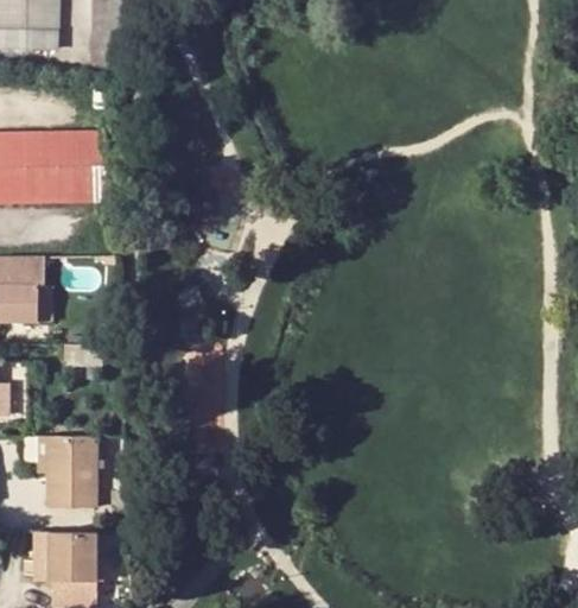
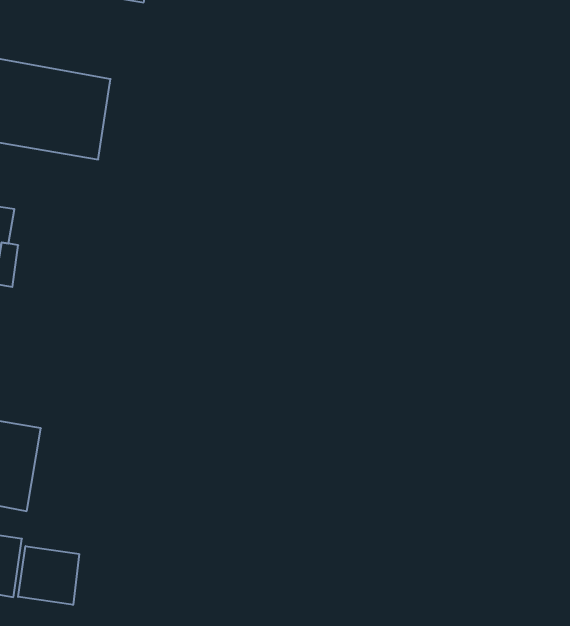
building: none -> [18,546,79,605]

